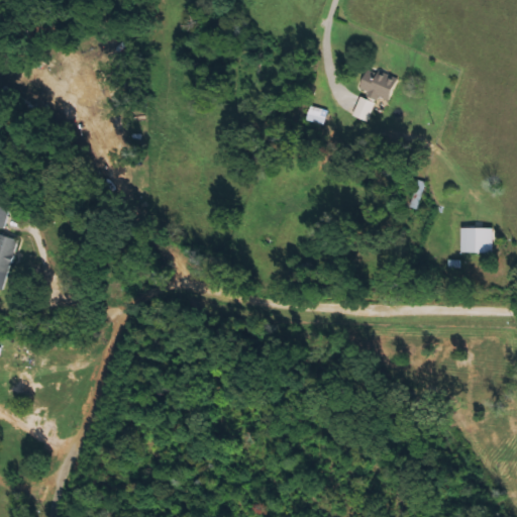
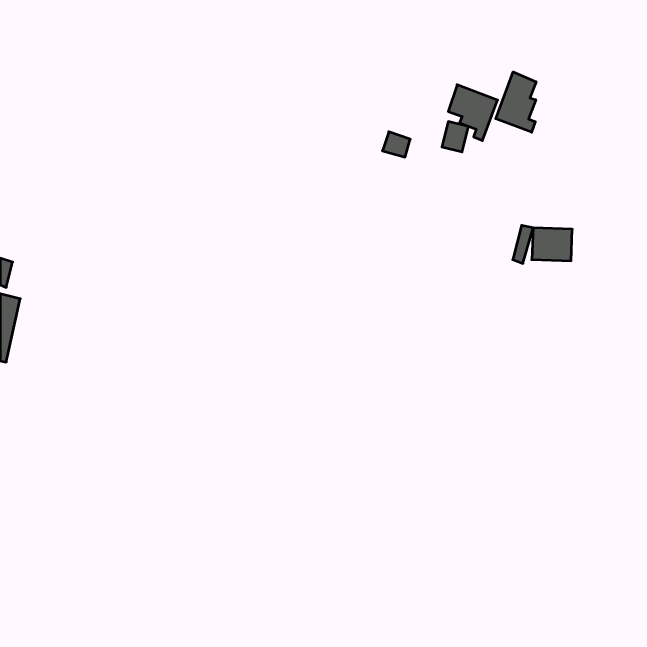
building: none -> [496,72,536,132]
building: [459,227,492,253] -> [532,228,572,261]

